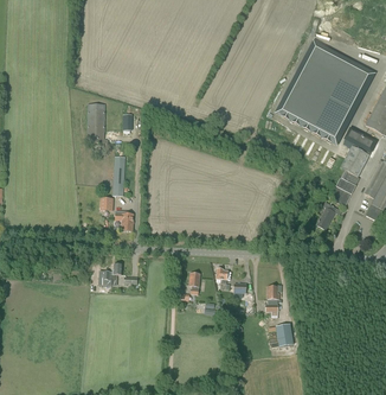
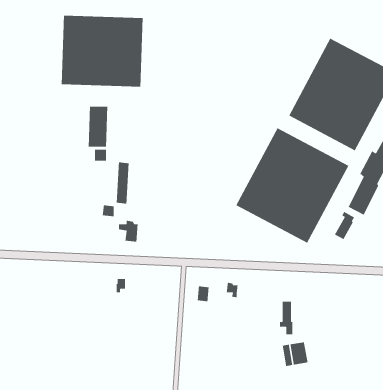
building: none -> [61,15,143,87]
building: none -> [235,127,349,244]

